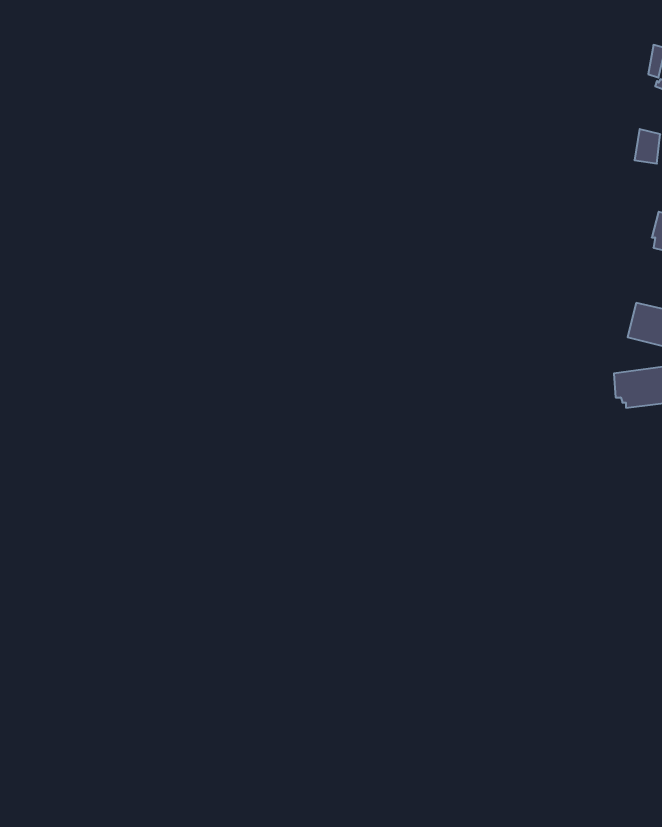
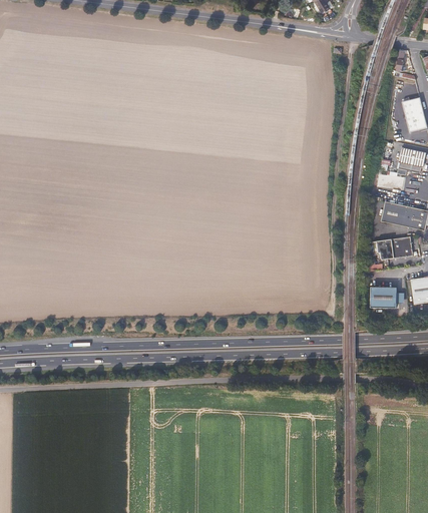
building: none -> [372,287,398,308]

